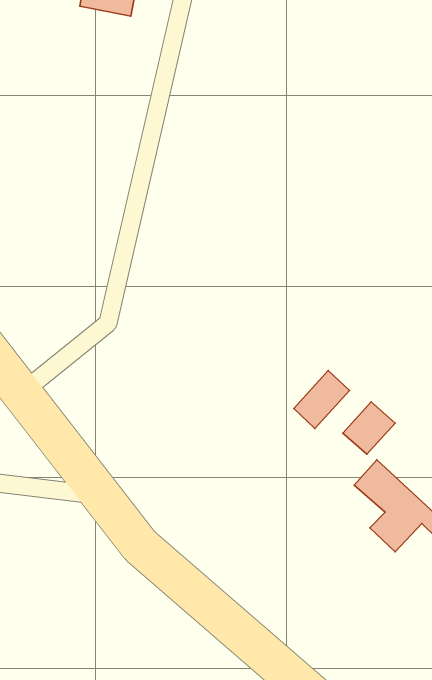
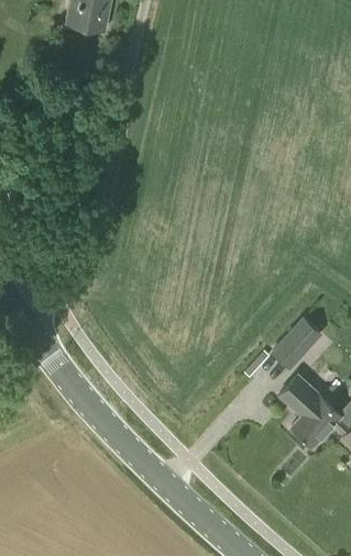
building: [294,370,350,429] -> none

